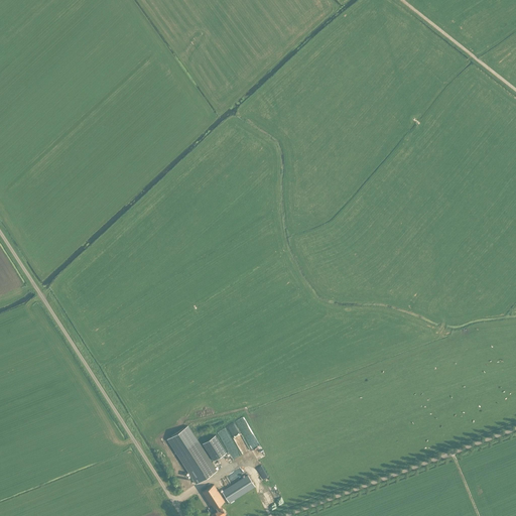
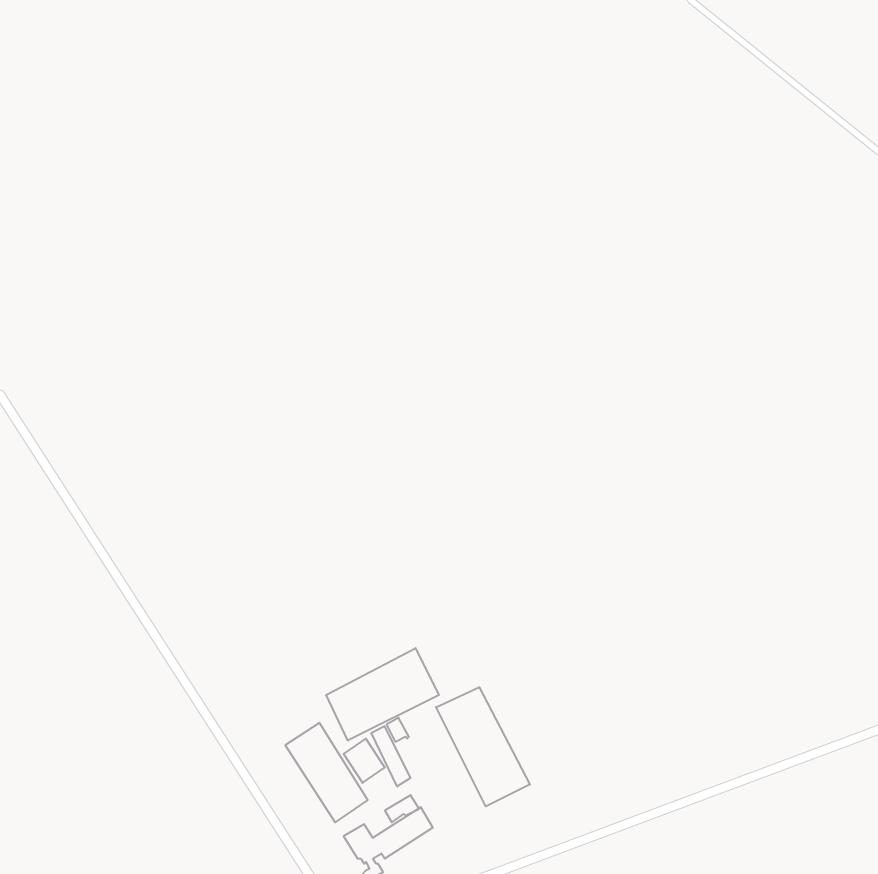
building: none -> [326,648,439,741]
building: none -> [436,687,530,806]

